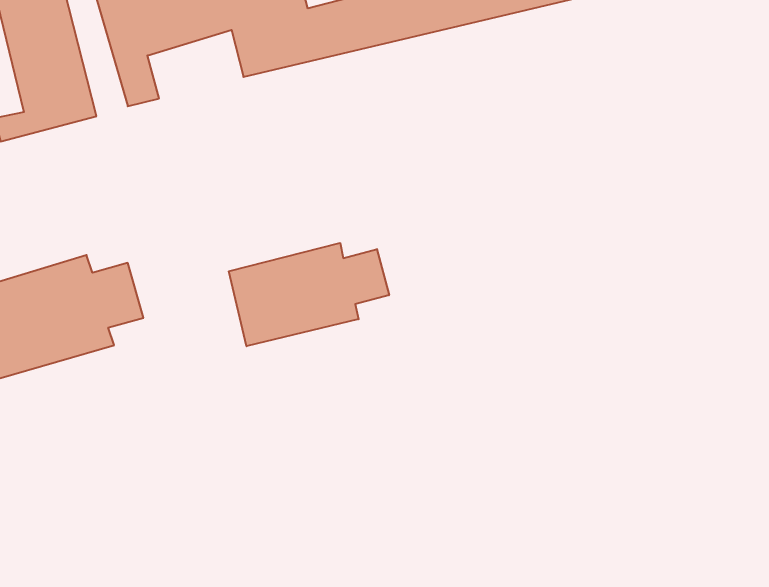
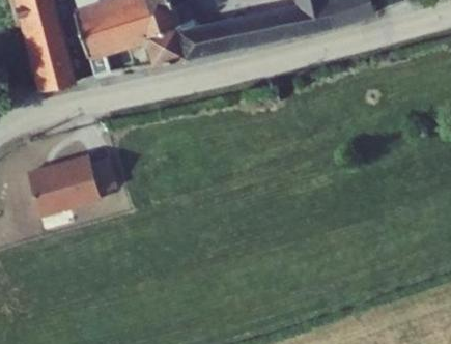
building: [229,243,389,346] -> none

